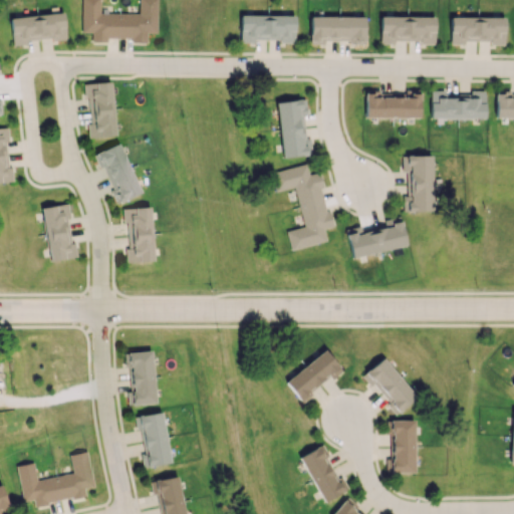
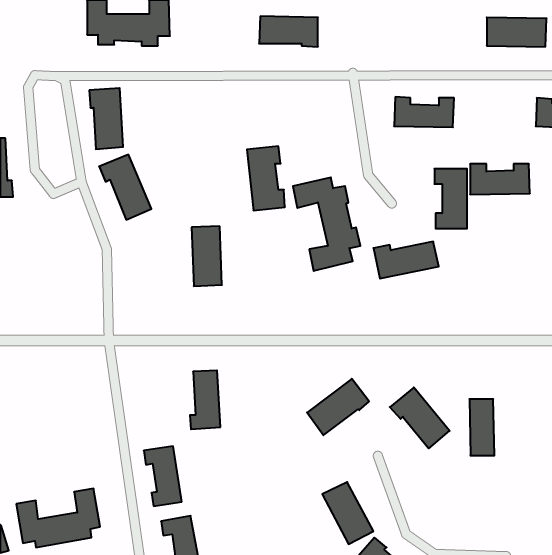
building: [12,12,69,44] -> none
building: [313,17,367,44] -> none
building: [383,17,437,43] -> none
building: [433,91,488,119] -> [470,164,530,194]
building: [279,99,314,159] -> [247,146,285,210]
building: [44,205,79,262] -> none
building: [127,208,156,263] -> [192,226,222,286]
building: [130,351,158,406] -> [190,370,220,429]
building: [394,421,417,473] -> [469,399,494,456]

